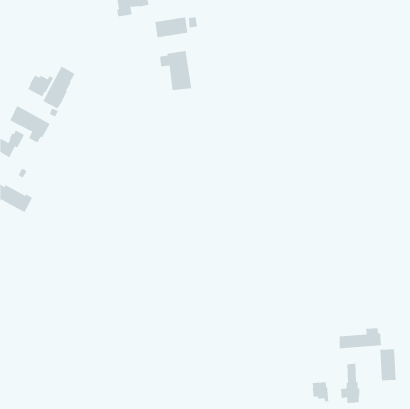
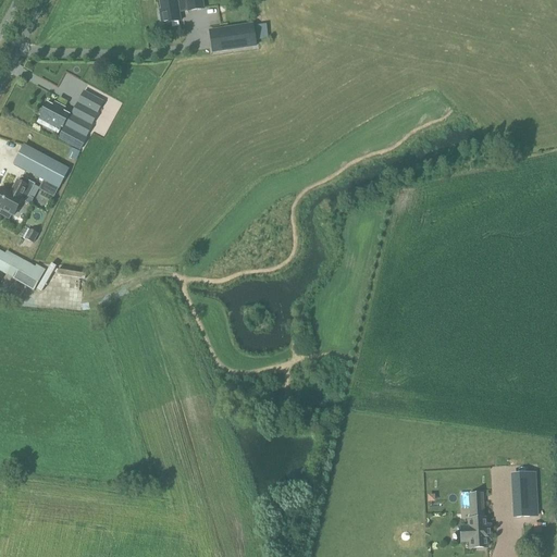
building: [160,50,192,91] -> none
building: [339,327,382,349] -> none
building: [312,381,329,402] -> none

